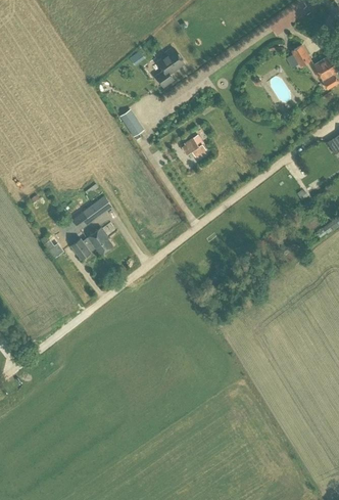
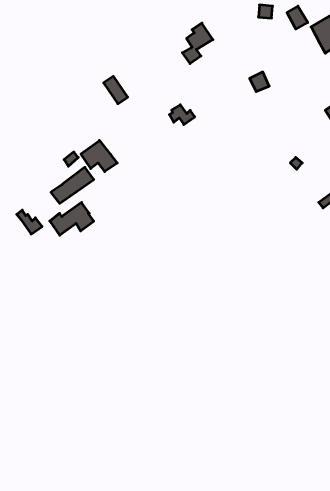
building: [155,49,184,87] -> [182,23,213,64]
building: none -> [81,140,117,172]

